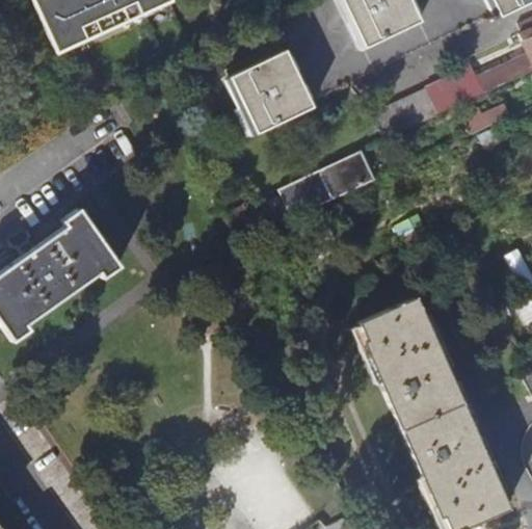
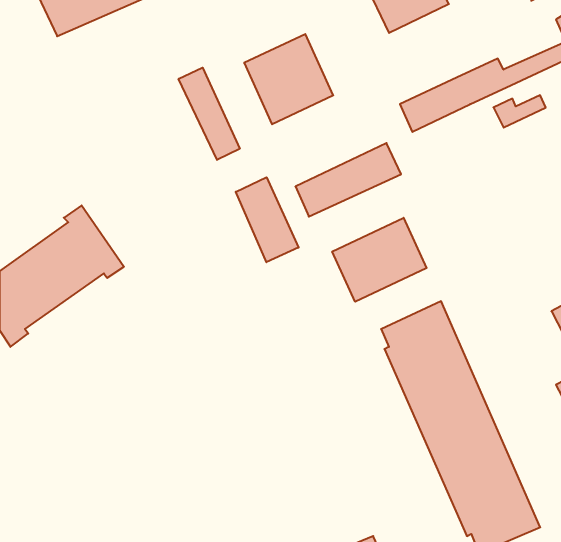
building: none -> [179,68,240,160]
building: none -> [236,177,299,262]
building: none -> [332,218,427,302]

